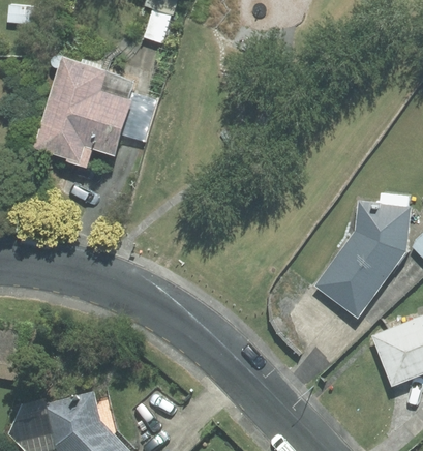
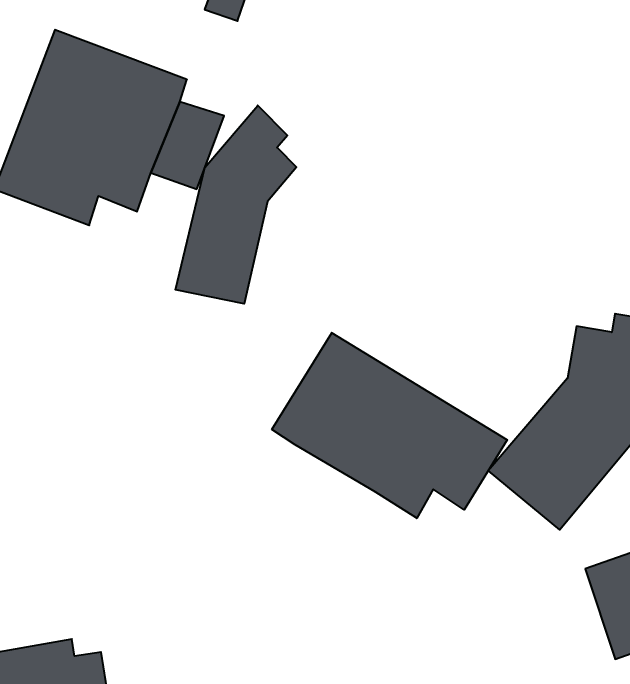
building: none -> [175,105,296,304]
building: none -> [272,333,507,518]

